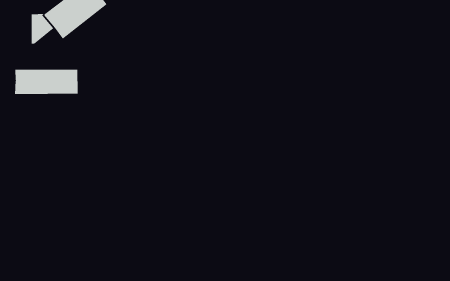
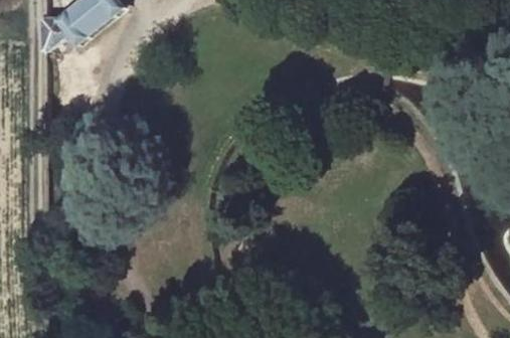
building: [15,69,78,95] -> none

